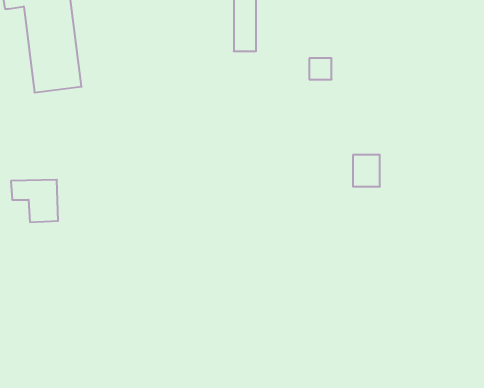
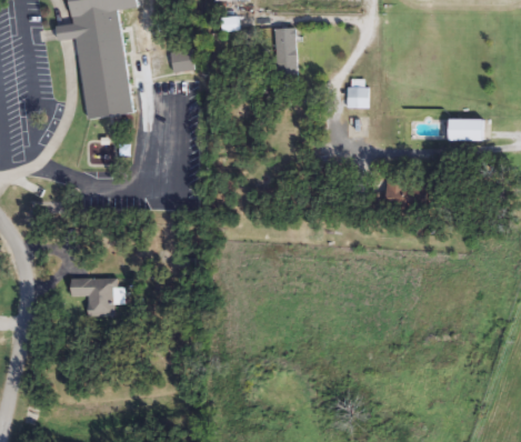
building: none -> [169,48,192,71]
building: none -> [447,119,485,140]
building: [11,180,58,222] -> [71,277,116,317]

